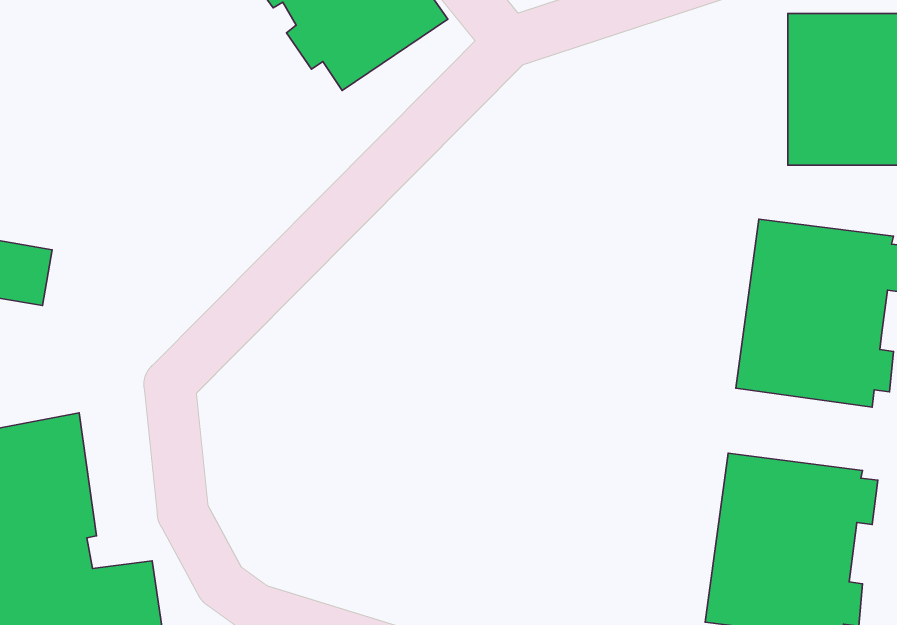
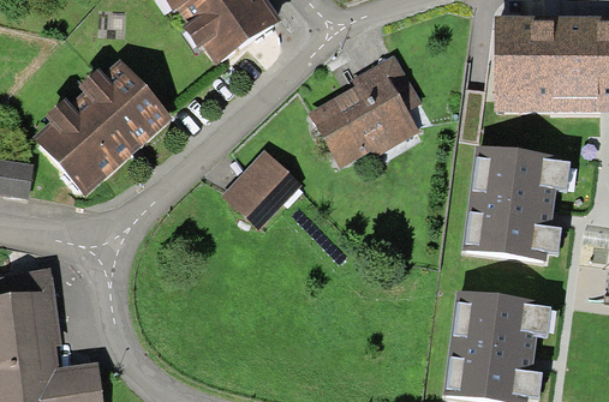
building: none -> [308,53,420,167]
building: none -> [35,59,172,194]
building: none -> [221,149,300,228]

